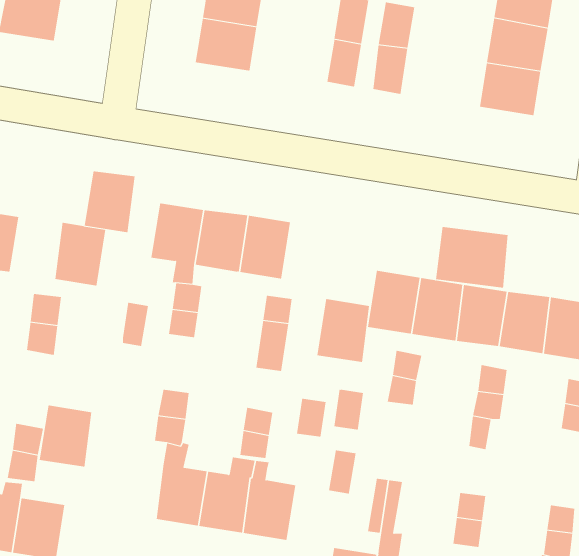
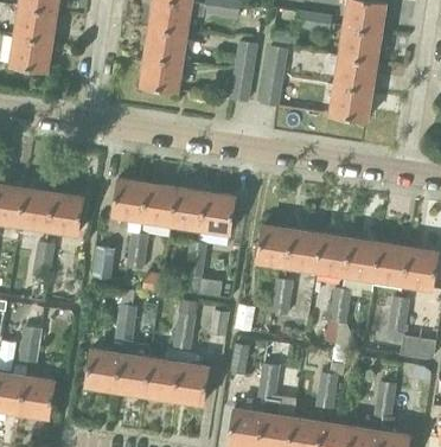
building: [84,171,135,233] -> [18,189,52,230]
building: [436,226,508,289] -> none
building: [317,299,370,363] -> [199,192,235,235]
building: [39,405,92,467] -> [84,349,120,390]

